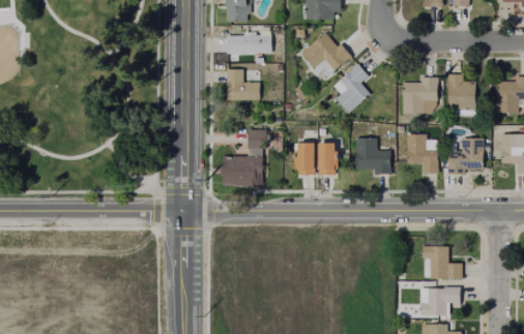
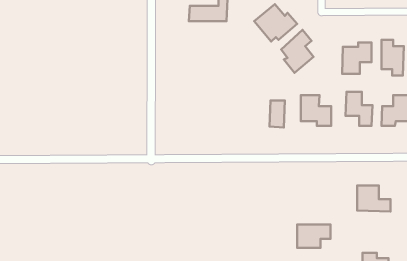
building: [226,70,259,100] -> none
building: [224,131,265,187] -> none
building: [295,145,314,176] -> none
building: [417,284,456,311] -> [297,224,330,248]

